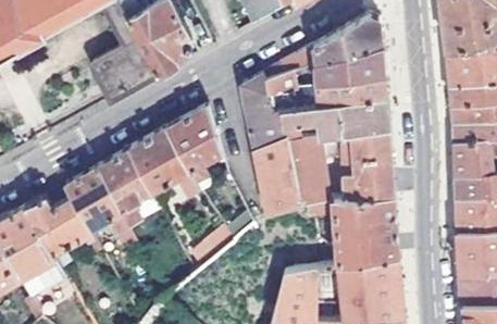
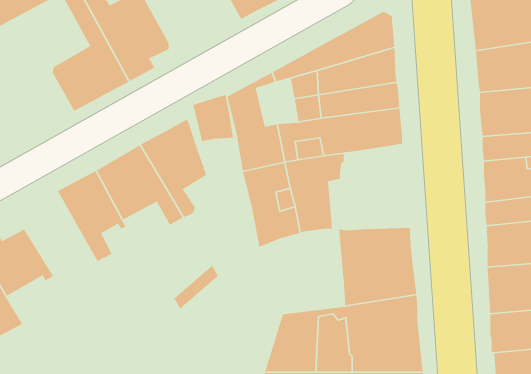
building: [264,72,299,112] -> [193,94,234,142]
building: [344,127,394,198] -> none
building: [63,166,138,247] -> none

